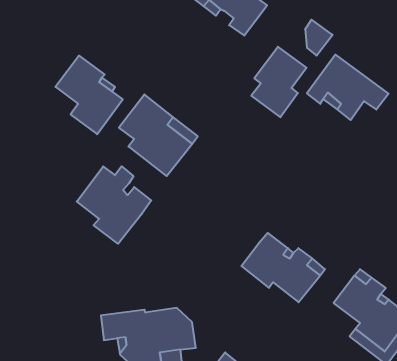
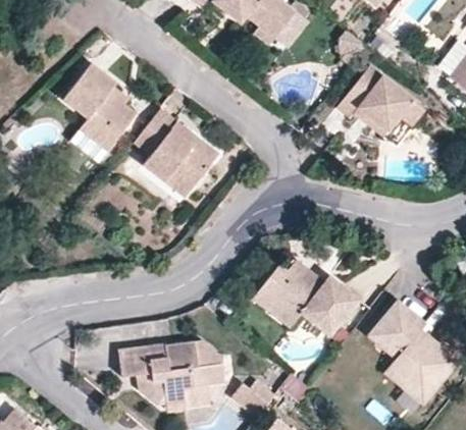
building: [251,47,307,117] -> none
building: [77,166,151,244] -> none
building: none -> [252,265,298,328]

